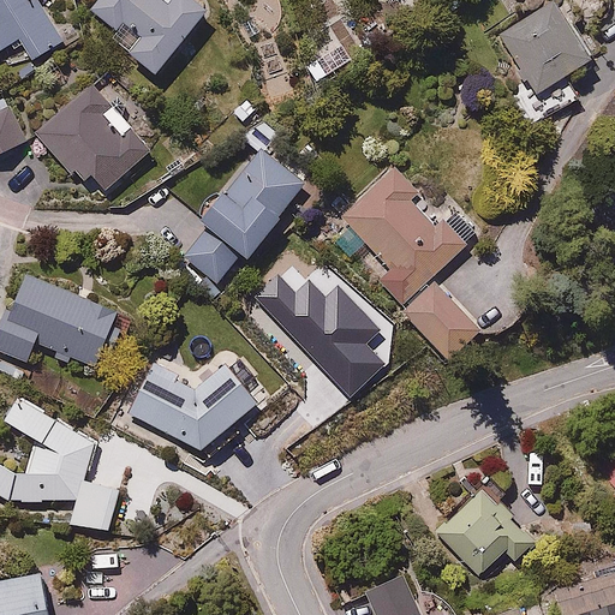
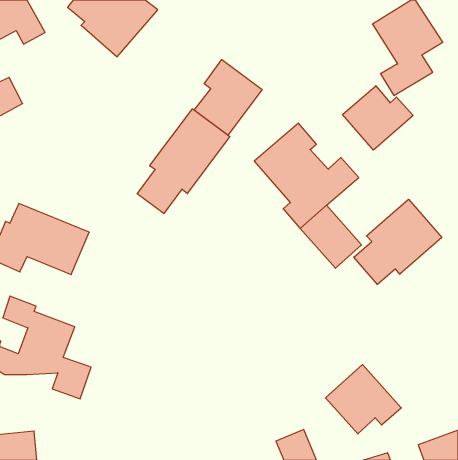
building: none -> [194,60,262,135]
building: [32,80,153,202] -> none
building: none -> [343,86,413,150]
building: none -> [354,199,442,284]
building: [252,275,382,398] -> none
building: [130,362,262,452] -> none

